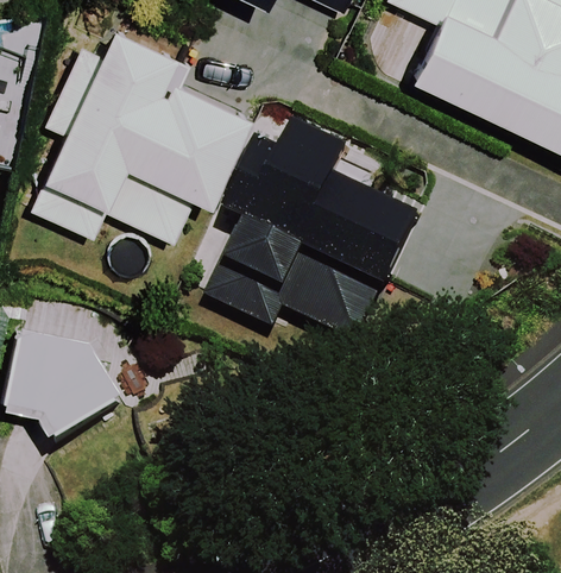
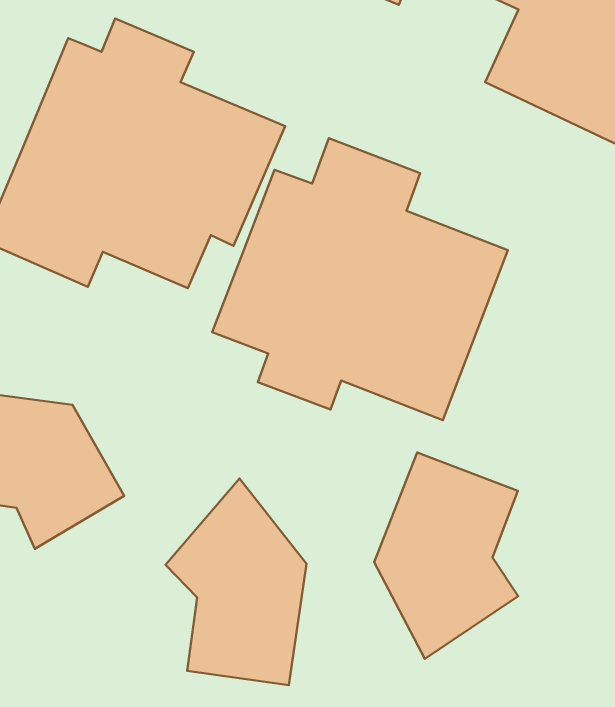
building: none -> [374,452,518,659]
building: none -> [165,479,307,685]

